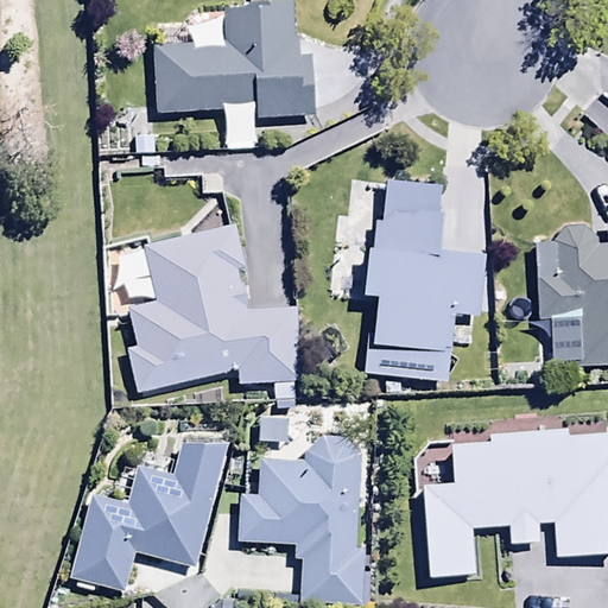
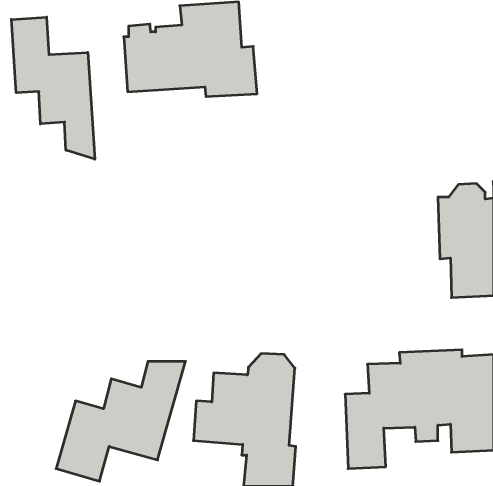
building: none -> [11,17,95,159]
building: [365,180,484,380] -> none
building: [125,224,299,398] -> none

